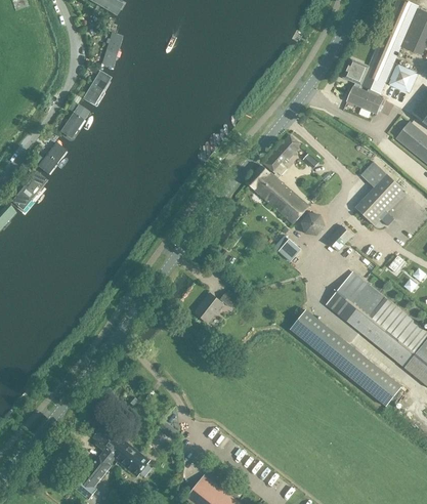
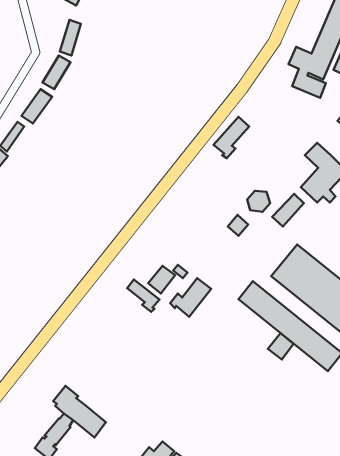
building: [246,166,309,225] -> none
building: none -> [170,278,211,317]
building: none -> [127,279,159,312]
building: none -> [268,333,294,359]

